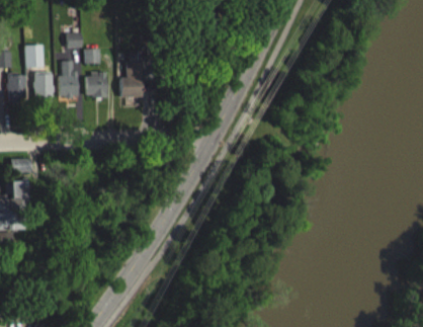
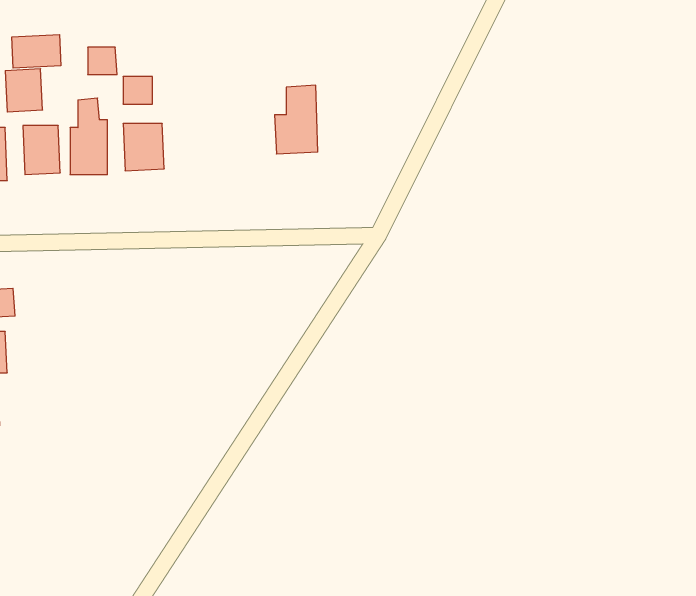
building: none -> [12,35,61,68]
building: [120,62,143,97] -> [275,85,318,154]

